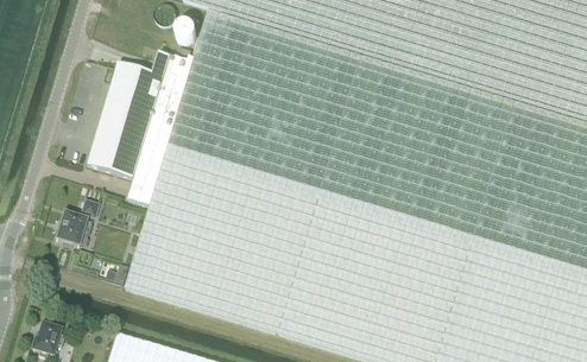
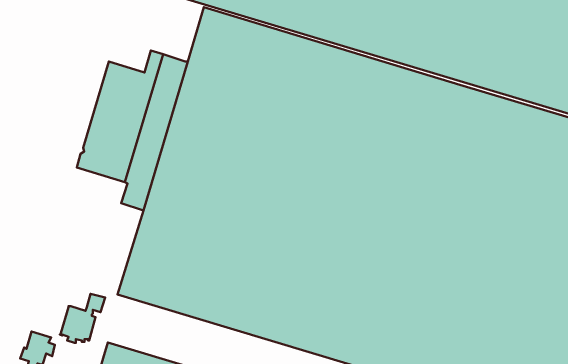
building: [55,201,99,248] -> [60,294,105,343]

